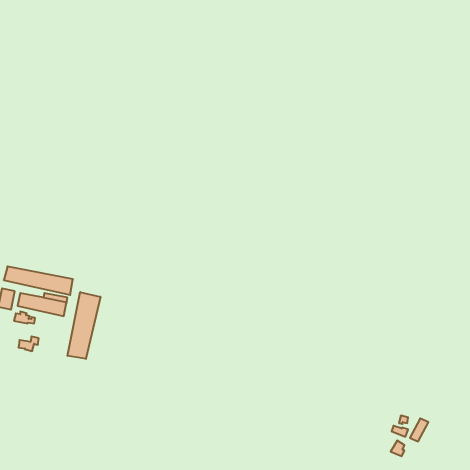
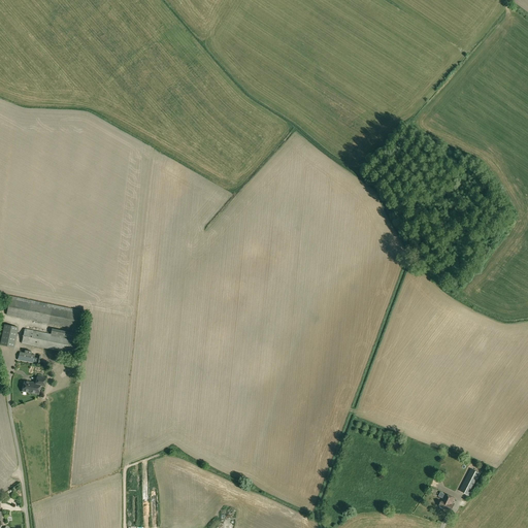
building: [68,292,100,359] -> none

